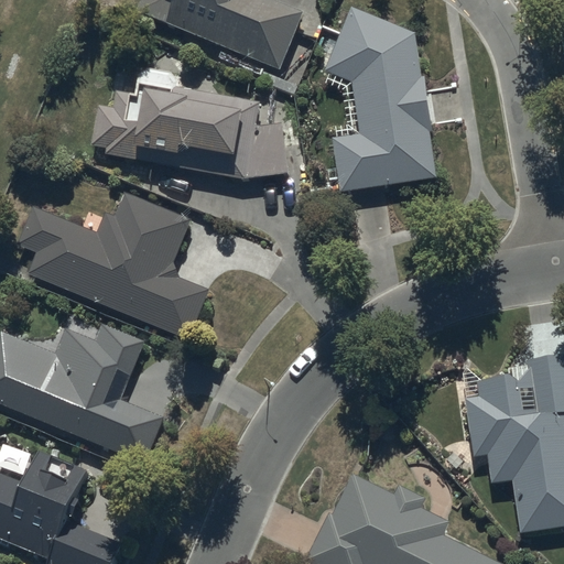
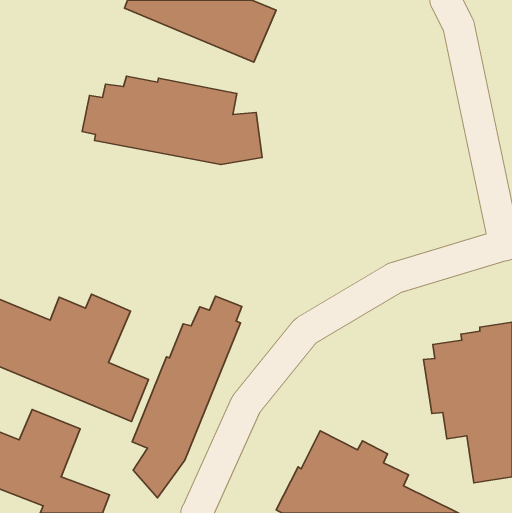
building: [325,4,435,192] -> none
building: [15,191,209,340] -> none
building: none -> [132,296,242,498]

